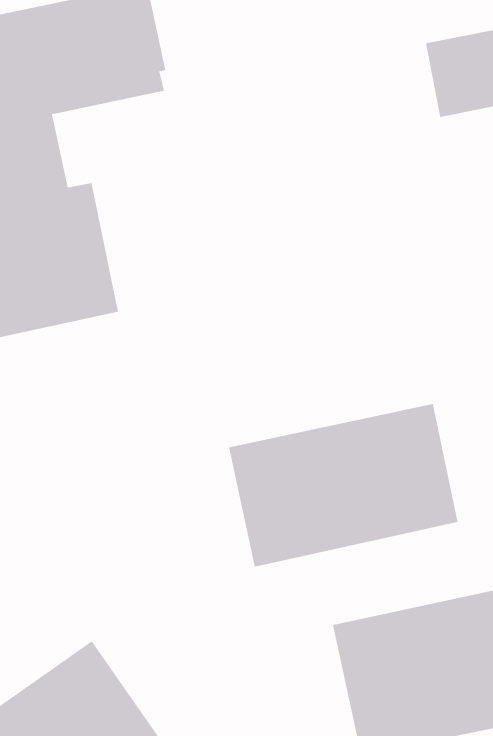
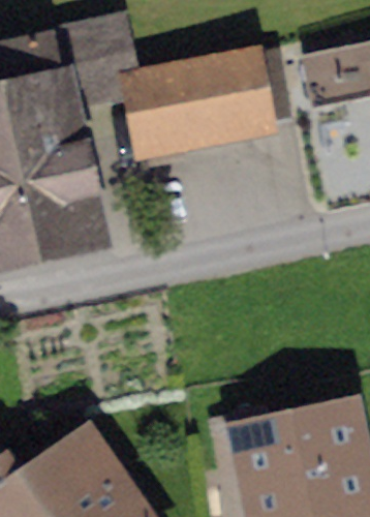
building: none -> [131,55,267,161]
building: [229,403,458,567] -> none

